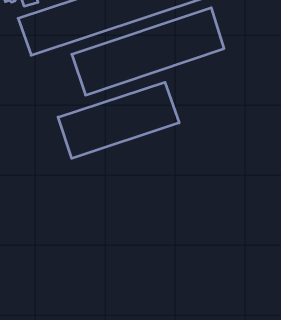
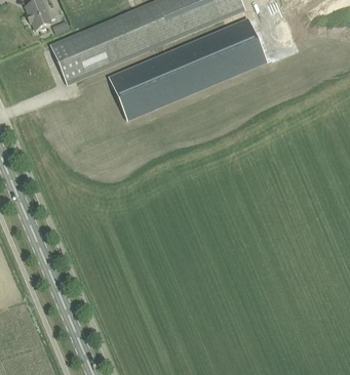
building: [58,82,179,158] -> none

